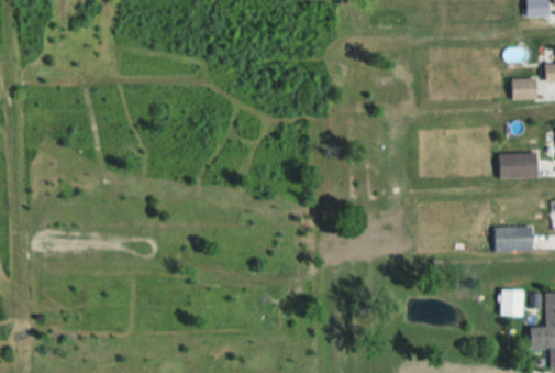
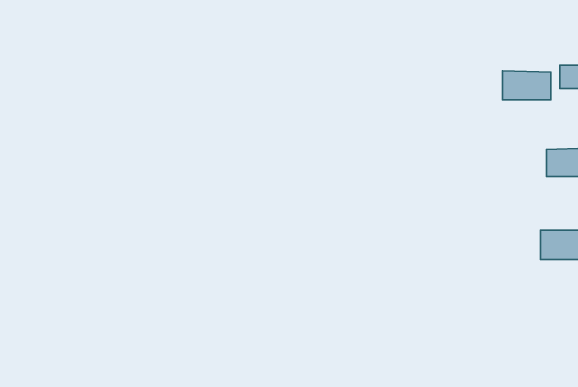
building: none -> [503,71,551,100]
building: [501,292,523,316] -> none

